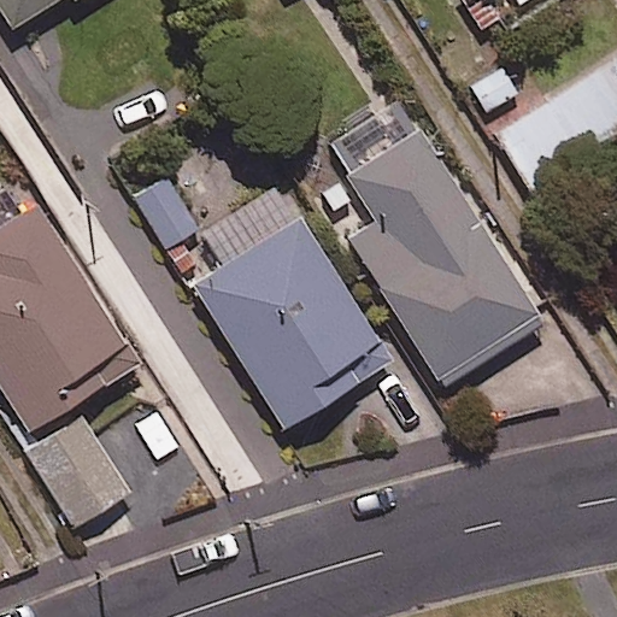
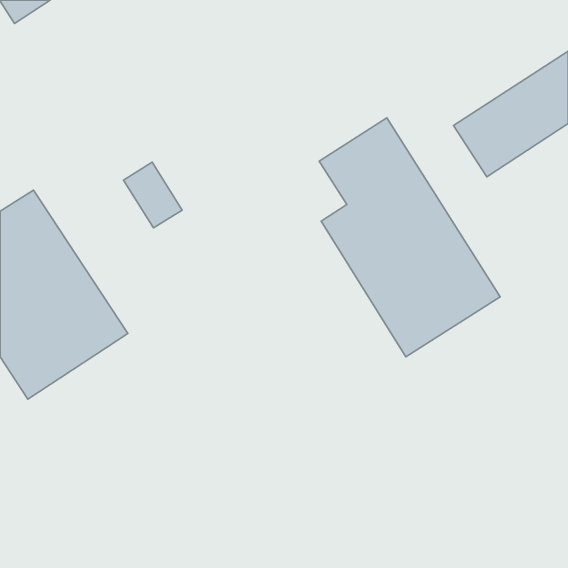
building: [193,186,390,429] -> none
building: [24,416,129,528] -> none

